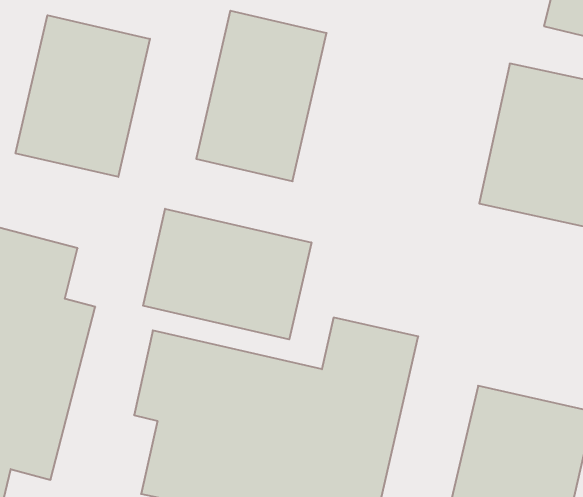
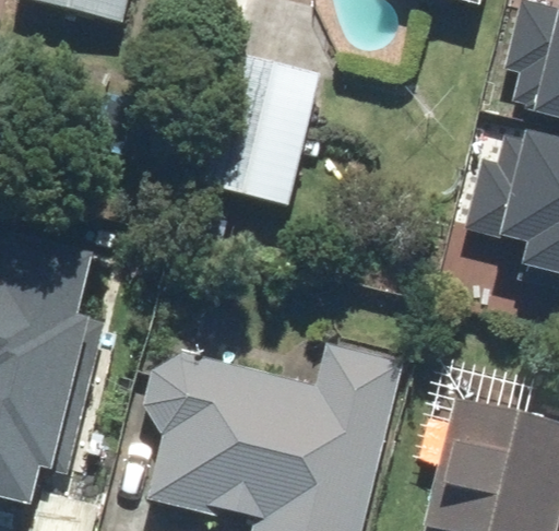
building: [16,15,150,177] -> none
building: [143,209,311,339] -> none

